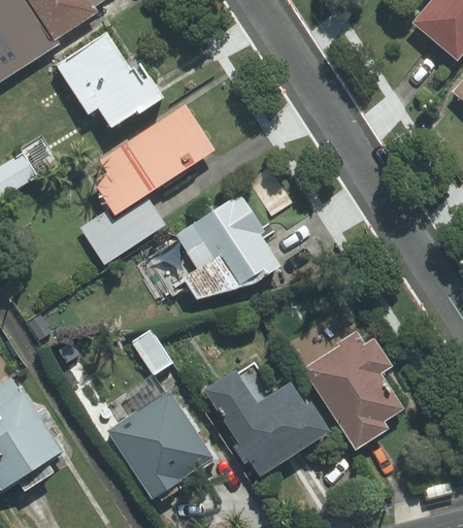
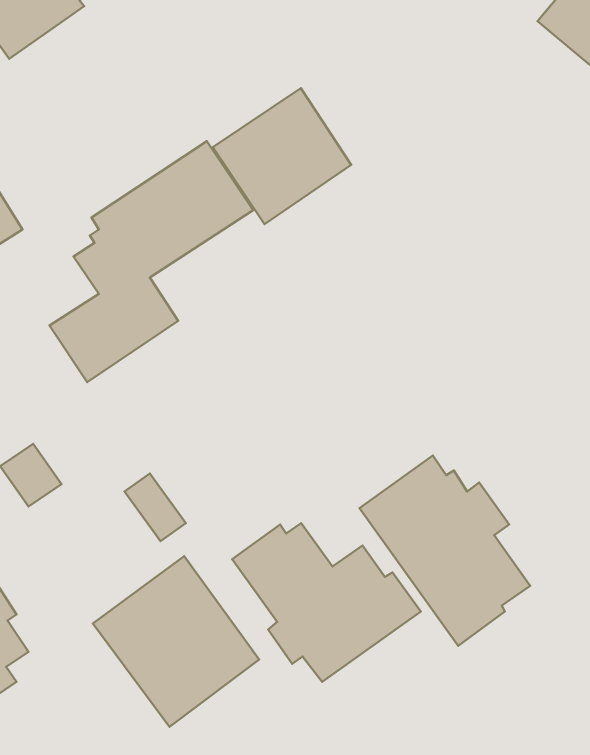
building: [52,29,166,131] -> none
building: none -> [213,88,351,224]
building: [174,190,284,316] -> none

